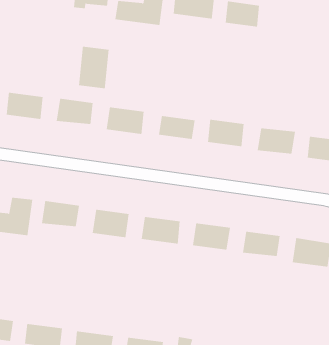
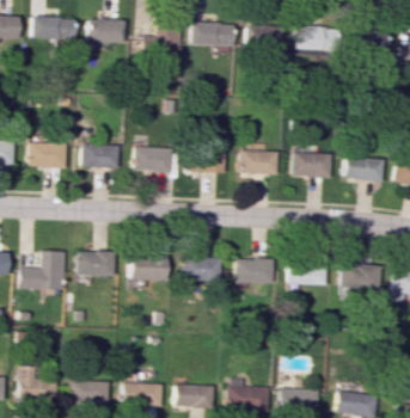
building: none -> [295,26,337,50]
building: [79,46,109,89] -> none

